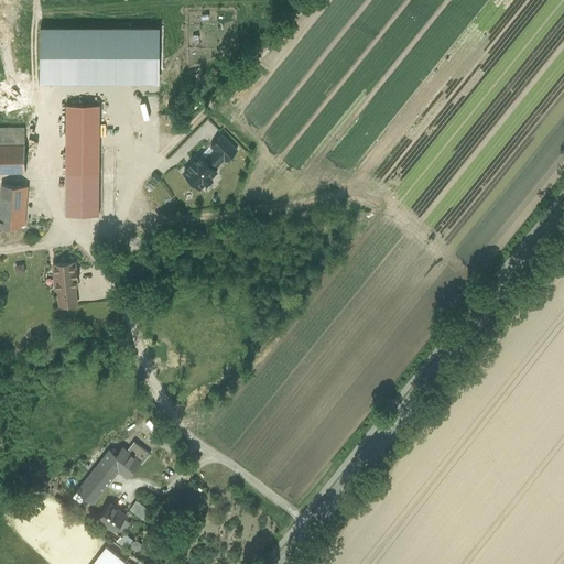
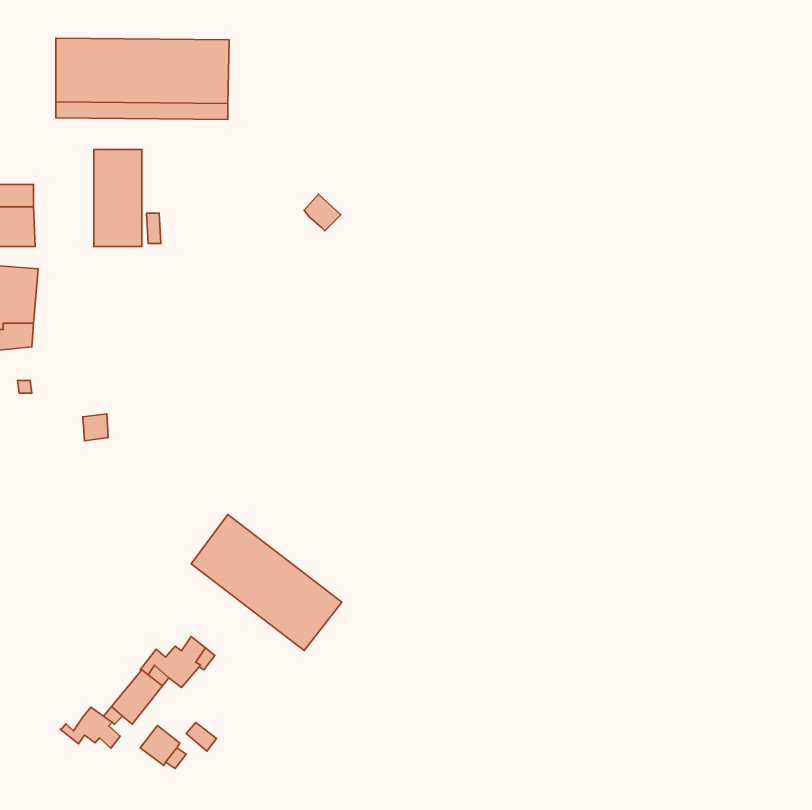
building: [183,152,223,189] -> none
building: [64,173,98,217] -> none
building: [53,263,76,291] -> none
building: none -> [191,515,342,650]
building: none -> [60,707,120,748]

